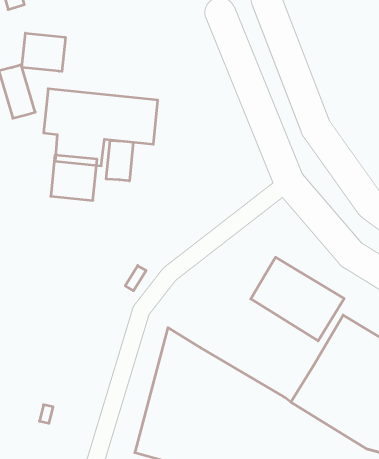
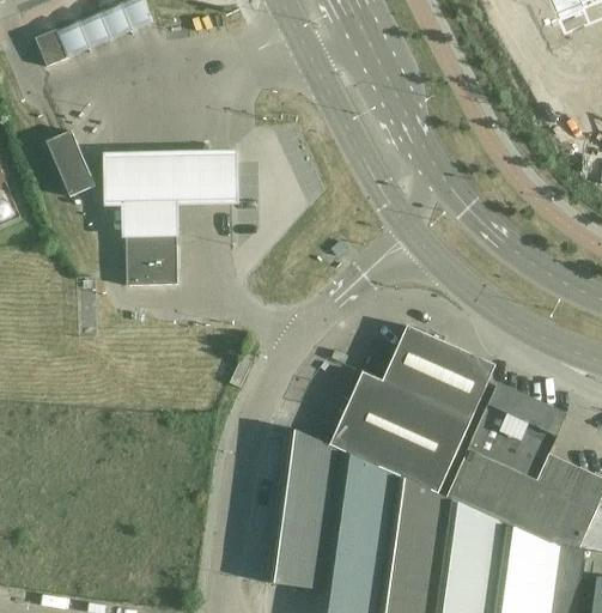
building: [22,33,65,71] -> none
building: [106,140,133,181] -> none
building: none -> [328,370,469,493]

